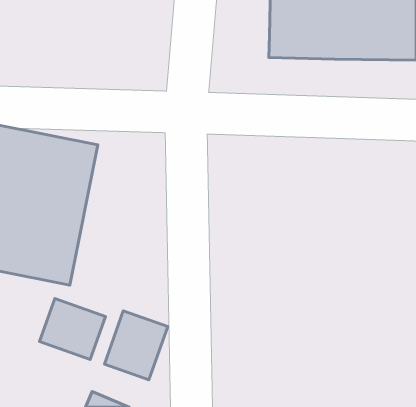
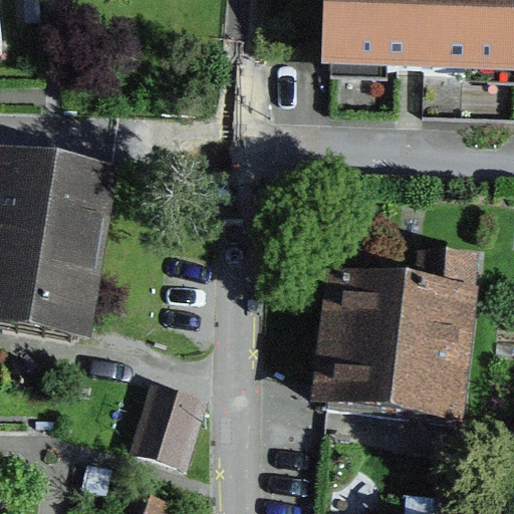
building: none -> [316,275,473,417]
building: [39,299,105,359] -> none

